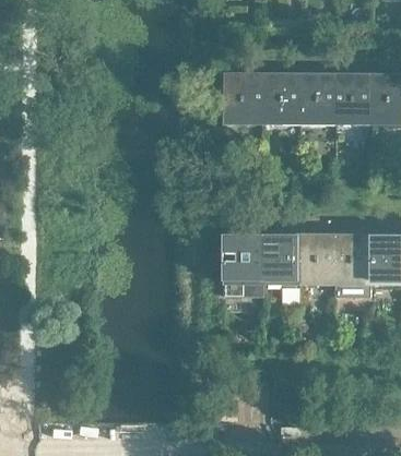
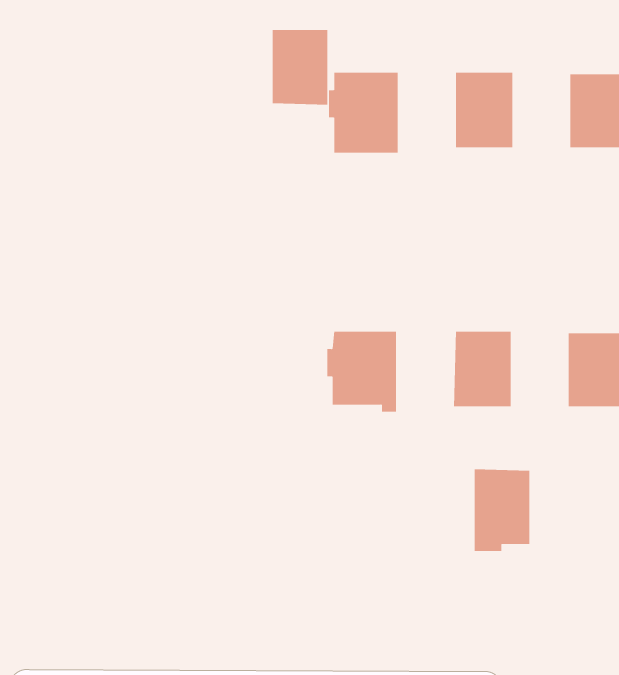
building: [261,75,296,122] -> [272,29,328,105]
building: [332,75,367,127] -> none
building: [260,236,296,283] -> none
building: [331,236,366,287] -> [474,469,530,552]

